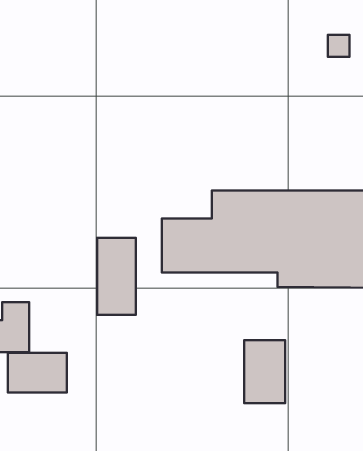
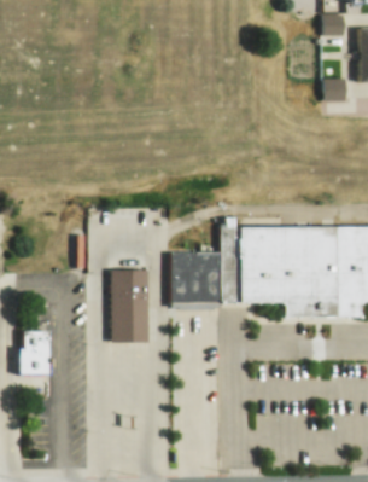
building: [244,340,285,403] -> none
building: [8,353,67,392] -> none

